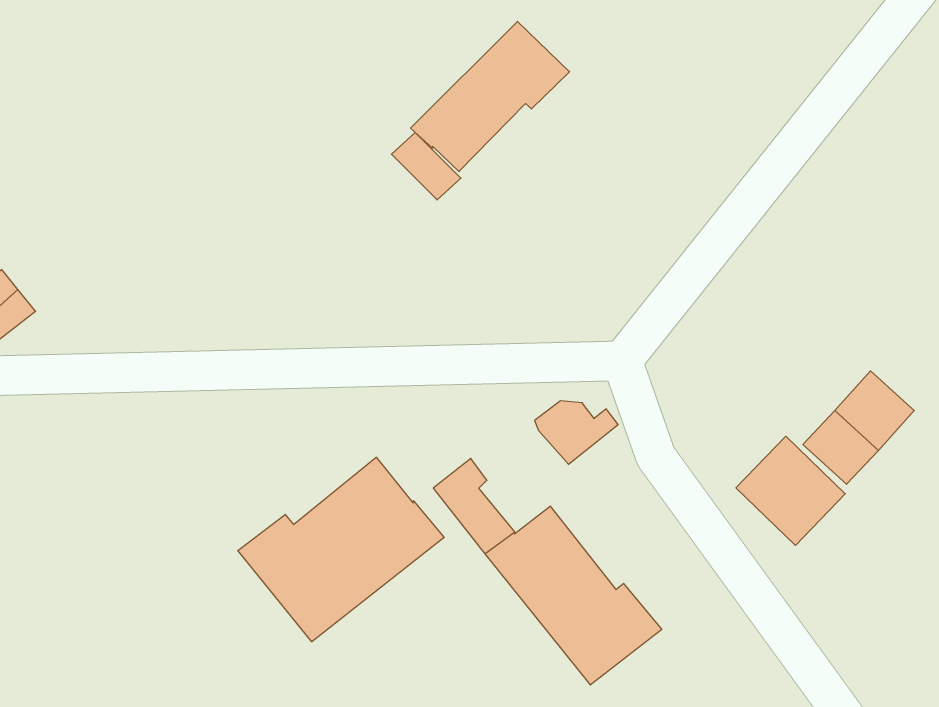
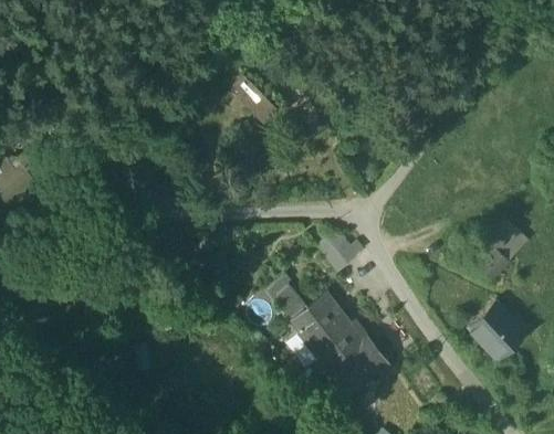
building: [411,21,570,172] -> none
building: [736,436,845,545] -> [468,301,529,362]
building: [238,457,444,642] -> none

